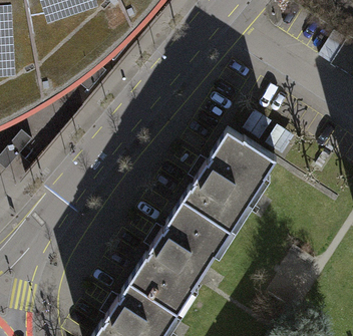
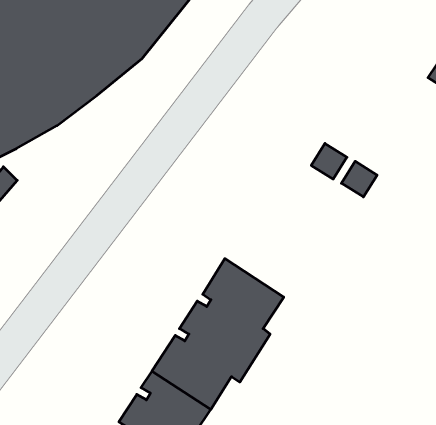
building: [179,131,273,229] -> none

